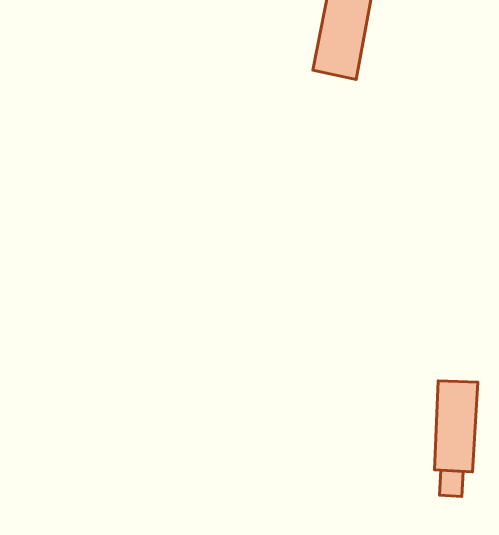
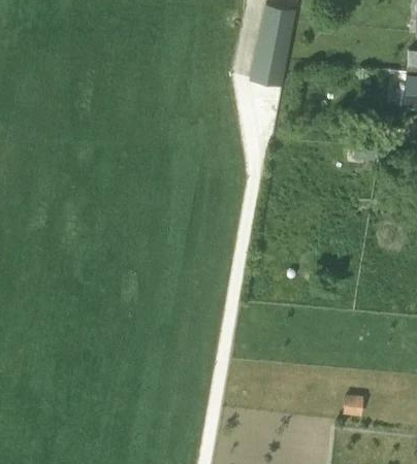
building: [435,381,478,472] -> none

